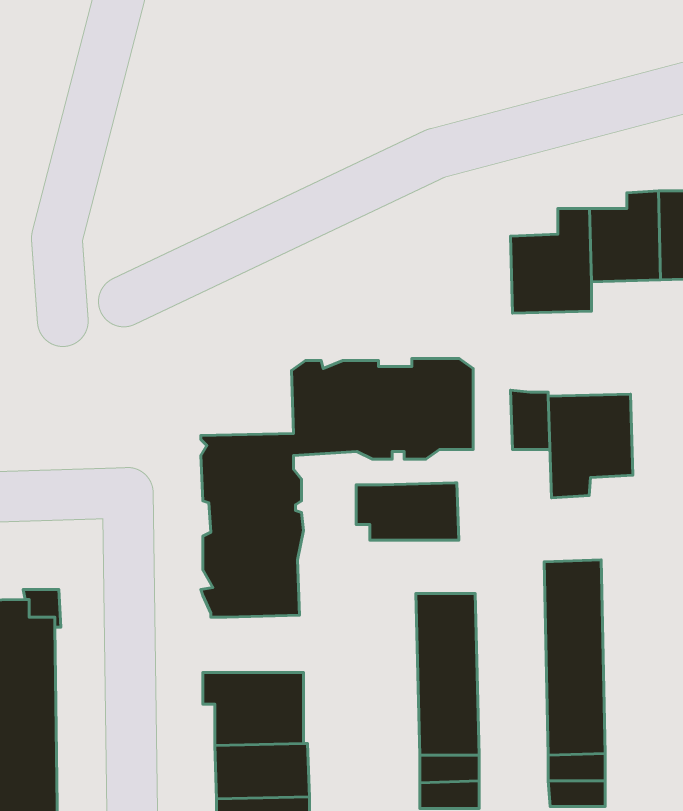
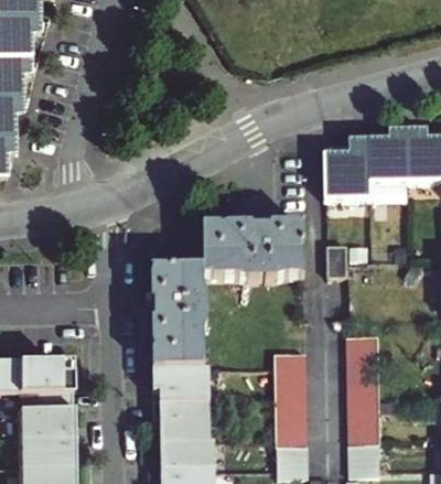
building: [548,394,633,498] -> none
building: [356,483,459,540] -> [153,368,211,400]

